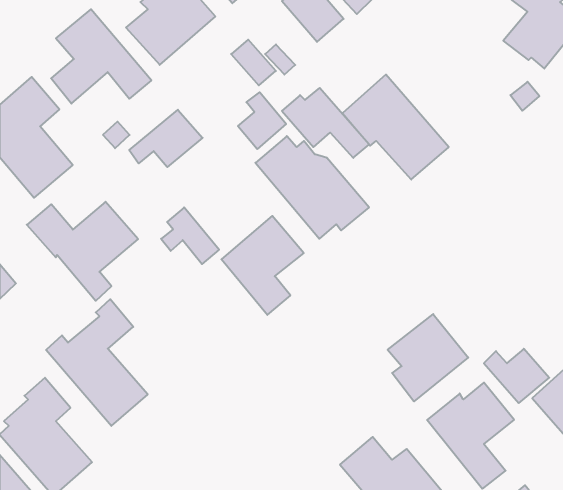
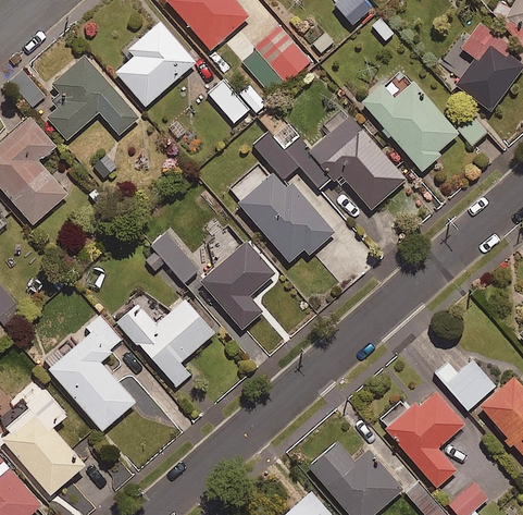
building: none -> [362,68,458,170]
building: [238,92,286,149] -> none
building: [129,110,203,167] -> none
building: [27,202,138,301] -> [114,299,214,389]
building: [388,314,468,401] -> none

